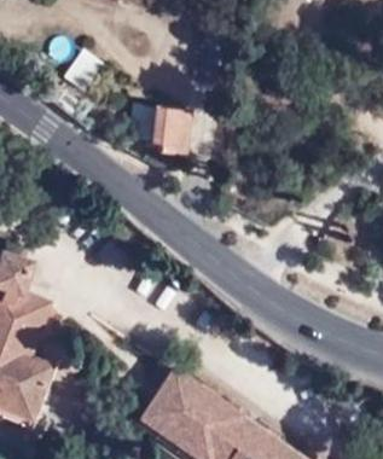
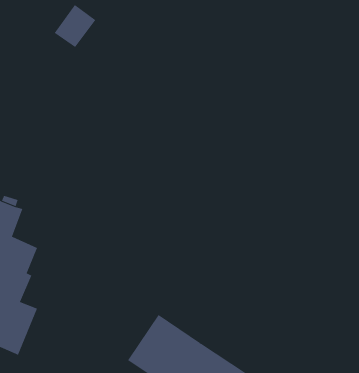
building: [153,110,192,156] -> none

